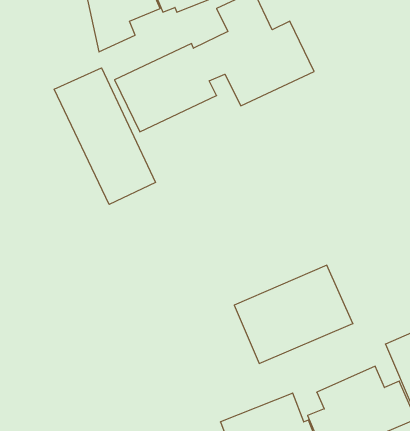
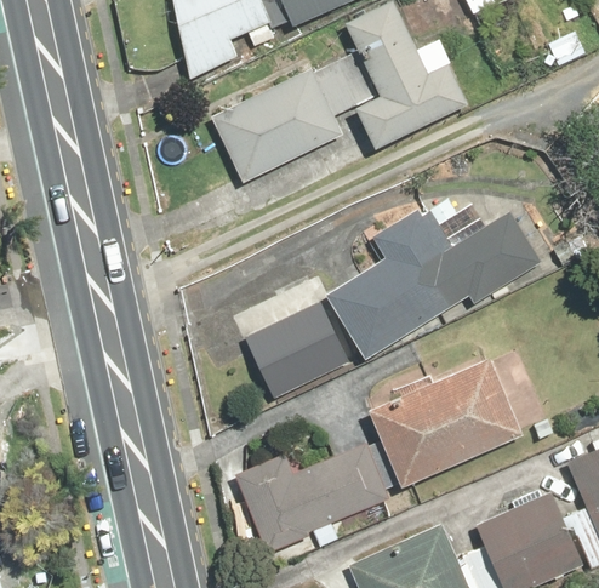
building: [54,68,156,204] -> none
building: none -> [245,210,543,401]
building: none -> [235,444,390,553]

